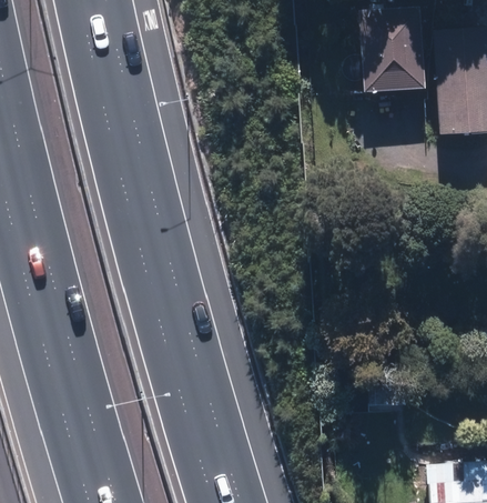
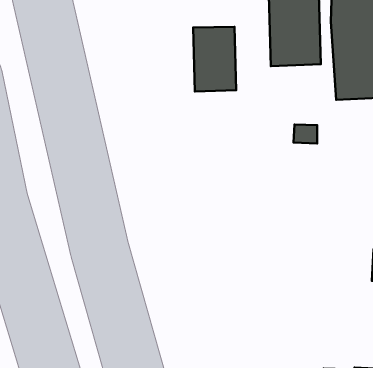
building: none -> [193,27,236,92]

